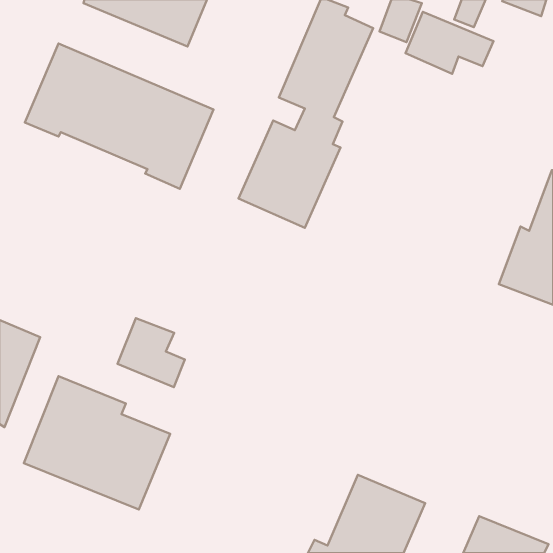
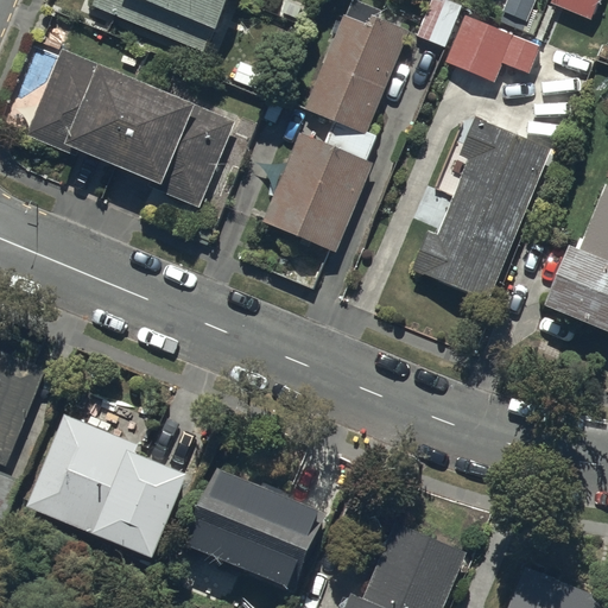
building: none -> [411,121,550,303]
building: [117,318,185,387] -> none
building: none -> [177,466,319,591]

